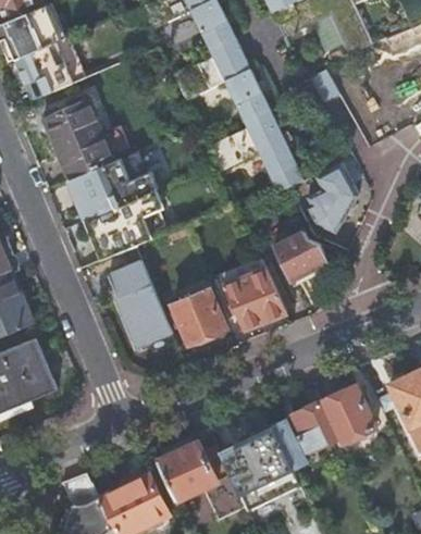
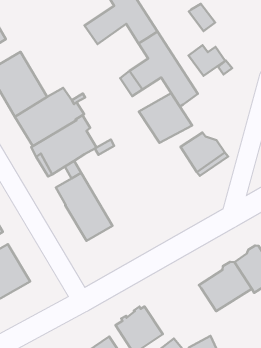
building: [311,174,357,213] -> [189,45,225,76]
building: [222,268,287,328] -> [139,93,192,143]
building: [173,288,225,343] -> none
building: [219,429,294,495] -> none

